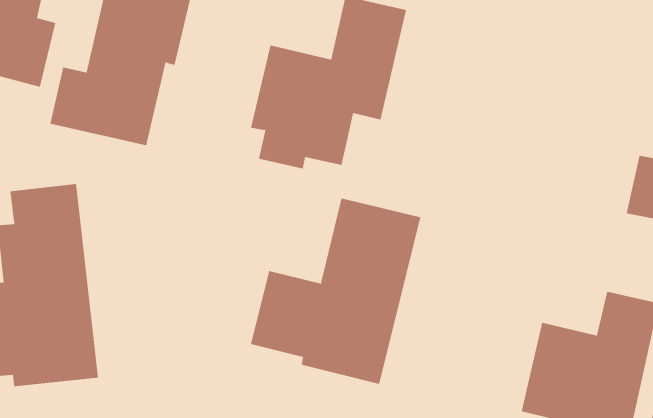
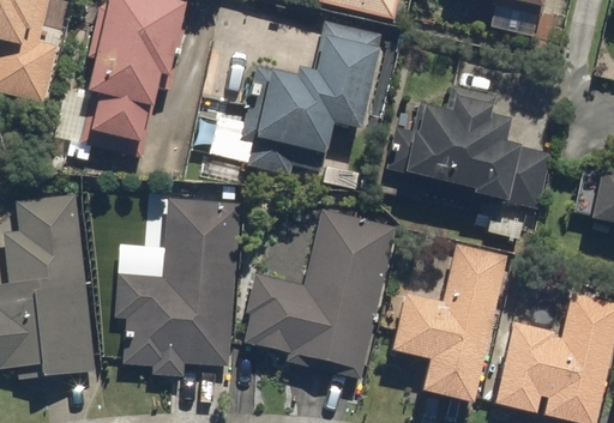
building: none -> [385,84,554,241]
building: none -> [115,197,242,377]
building: none -> [386,241,506,403]

